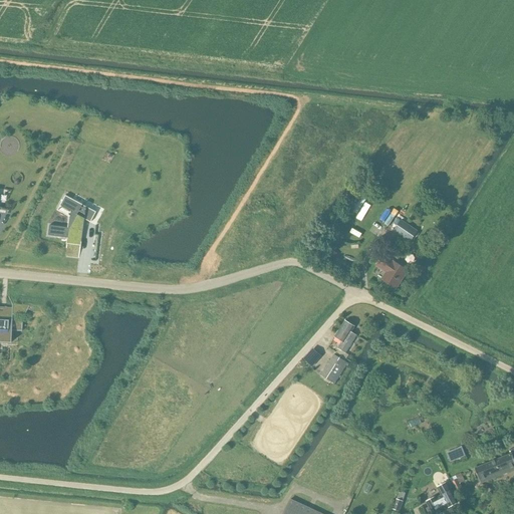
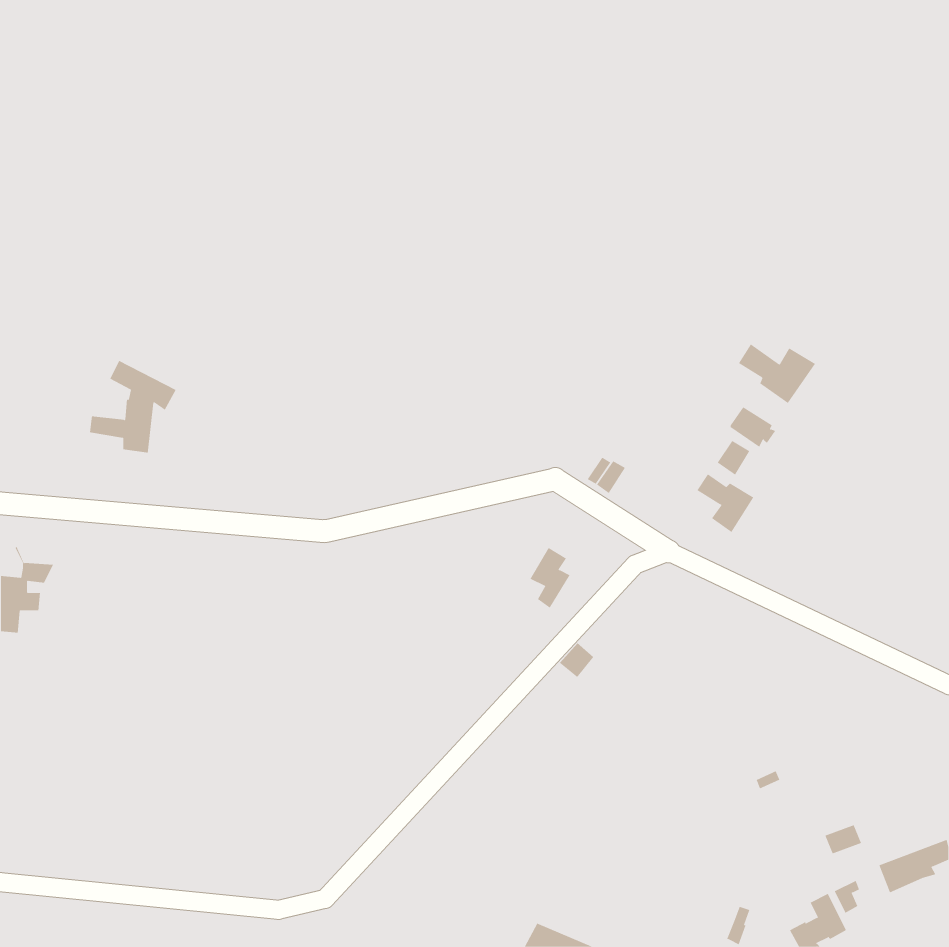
building: none -> [738,344,816,404]
building: [334,319,356,352] -> [530,547,570,609]
building: [321,354,347,382] -> none

